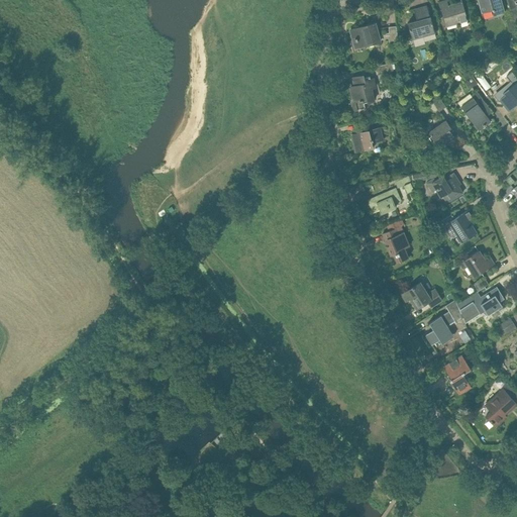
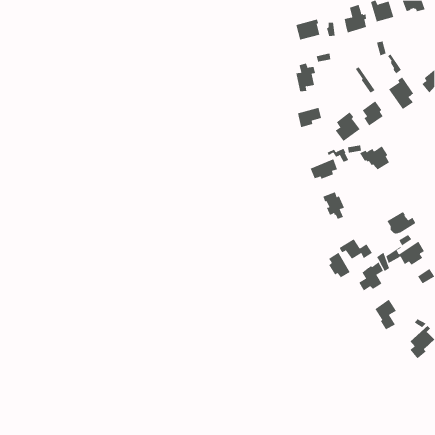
building: none -> [334,112,361,142]
building: [441,209,476,240] -> none
building: none -> [328,252,351,278]

